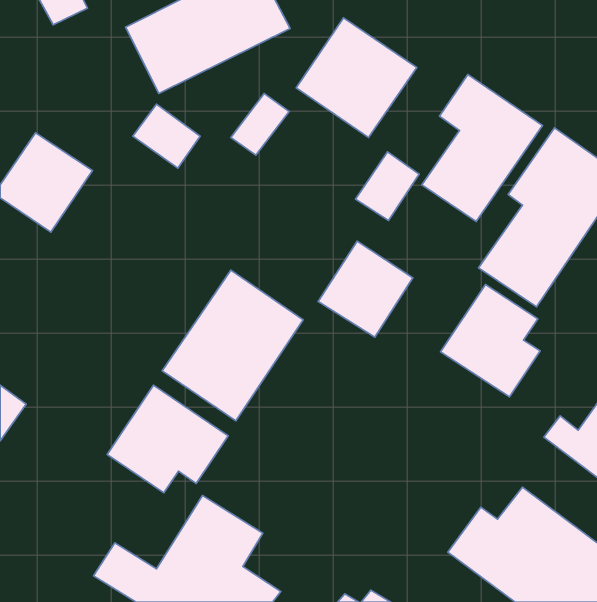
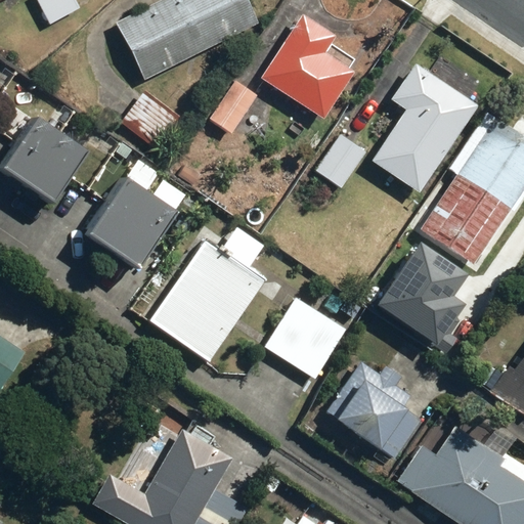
building: none -> [79,174,175,274]
building: [318,241,413,337] -> [266,295,348,378]
building: [107,385,228,493] -> none
building: none -> [324,358,425,465]

